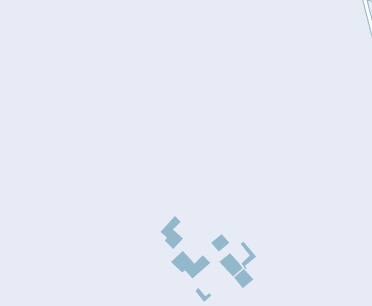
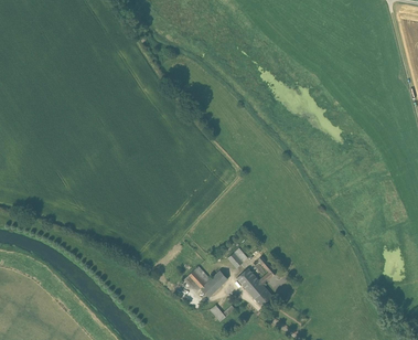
building: [159,215,184,250] -> none

